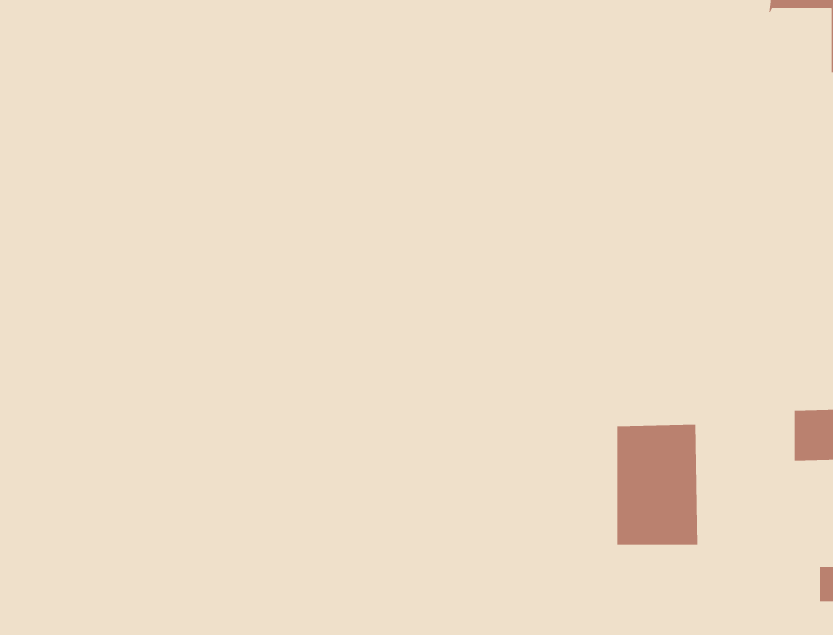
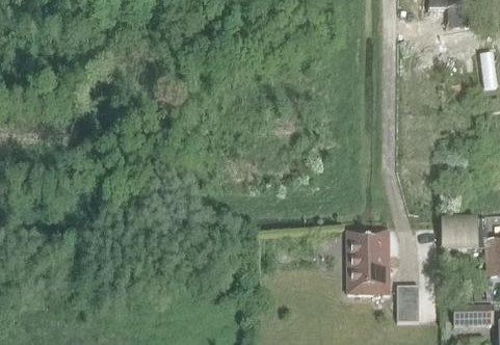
building: none -> [397,285,419,321]

